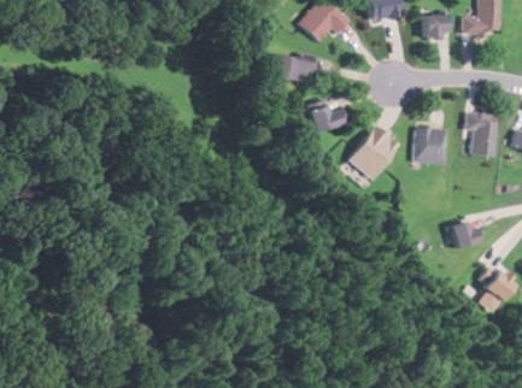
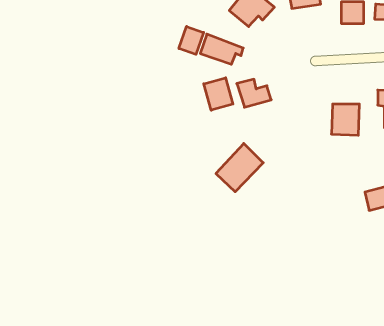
building: none -> [179,26,204,54]
building: none -> [204,78,233,110]
building: [347,124,400,178] -> [216,143,263,192]

